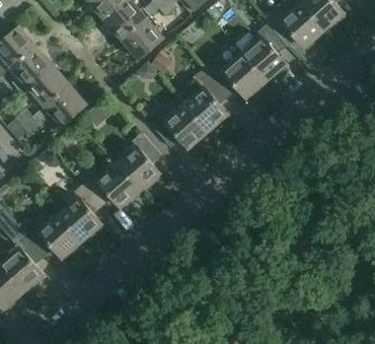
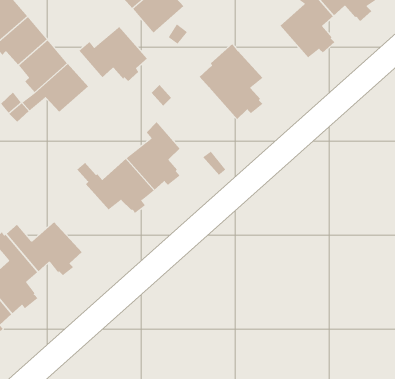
building: [209,54,266,100] -> none
building: [151,105,208,150] -> [79,26,148,82]
building: [58,184,102,239] -> none

